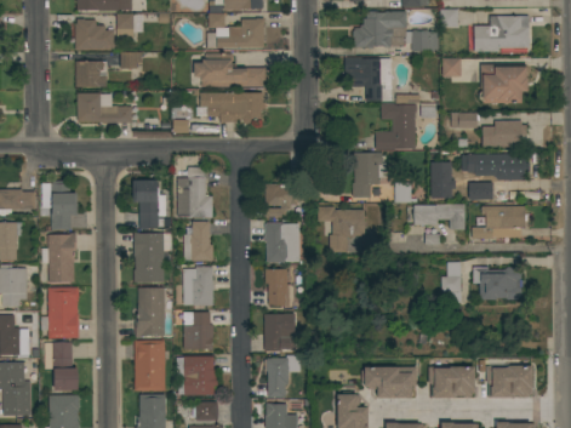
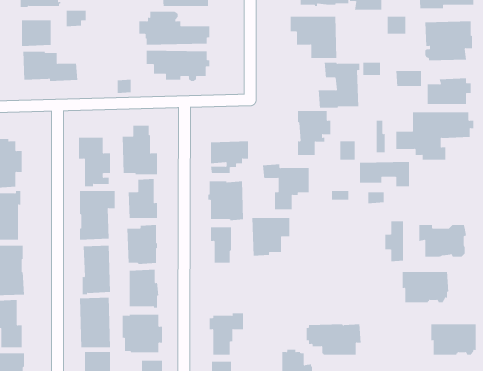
building: [473,206,526,239] -> none
building: [264,314,303,353] -> [252,218,290,256]
building: [428,366,475,398] -> [402,271,449,303]

